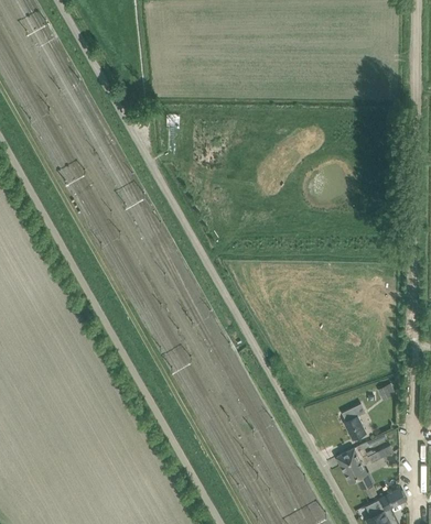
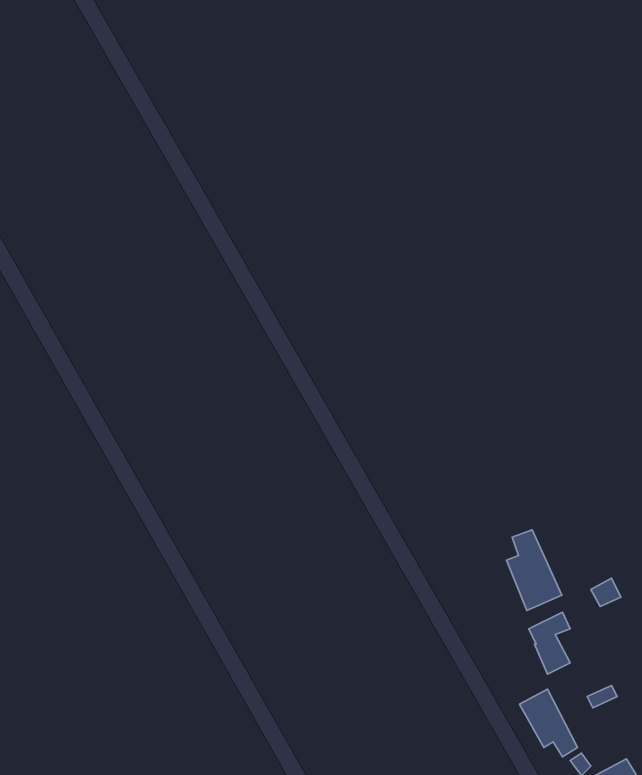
building: none -> [506,530,562,610]

